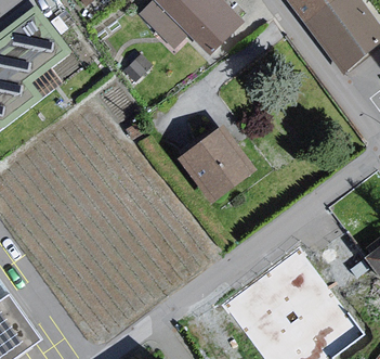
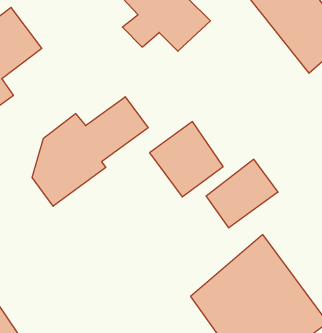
building: none -> [32,97,148,206]
building: none -> [206,159,278,228]

